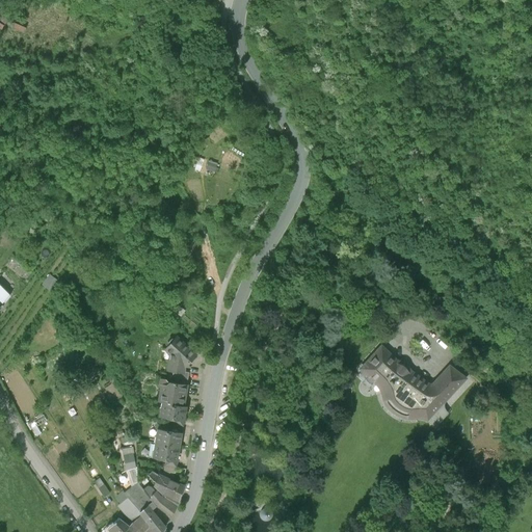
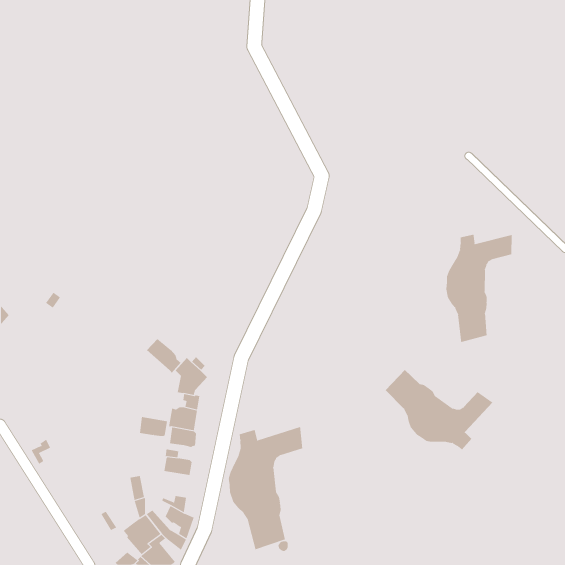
building: none -> [446,234,512,343]
building: none -> [146,338,182,374]
building: none -> [228,426,303,550]
building: [152,443,179,461] -> [139,417,168,437]

